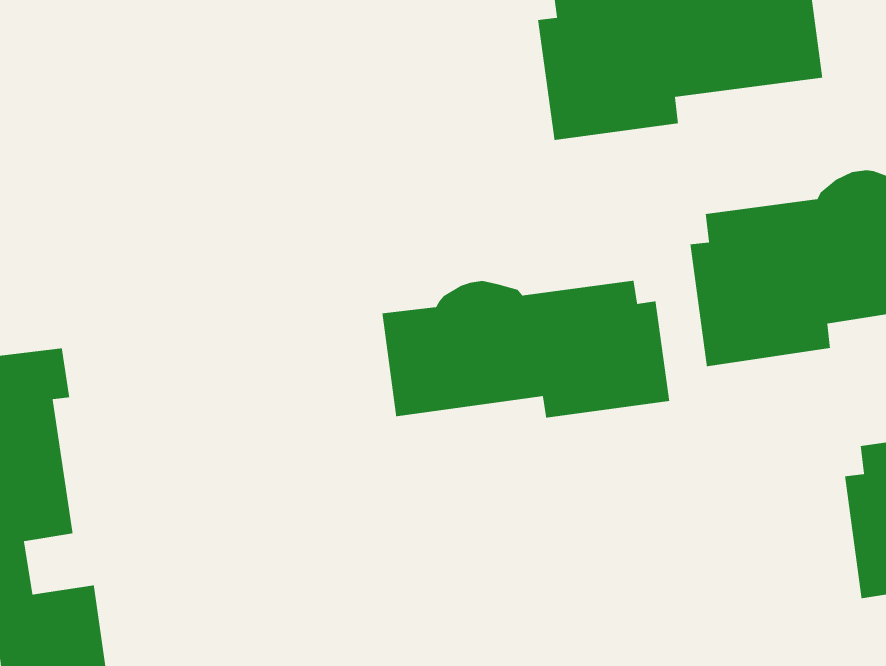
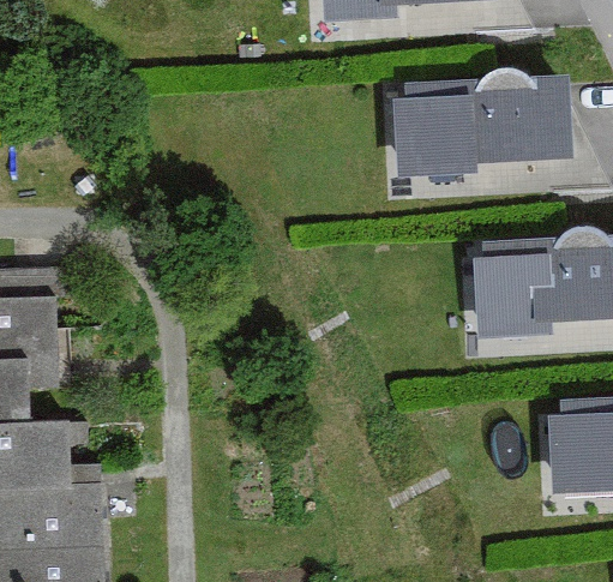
building: [381,280,670,419] -> none

